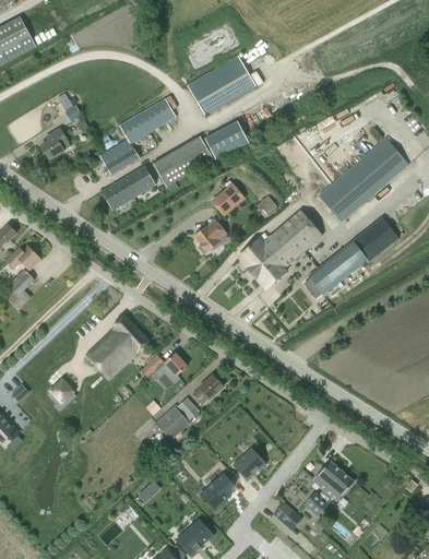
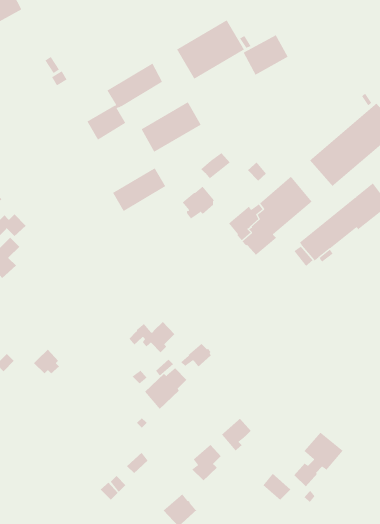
building: [203,120,248,160] -> [243,35,288,76]
building: [40,128,70,158] -> none
building: [102,165,155,209] -> [112,167,166,212]
building: [86,313,150,377] -> none

